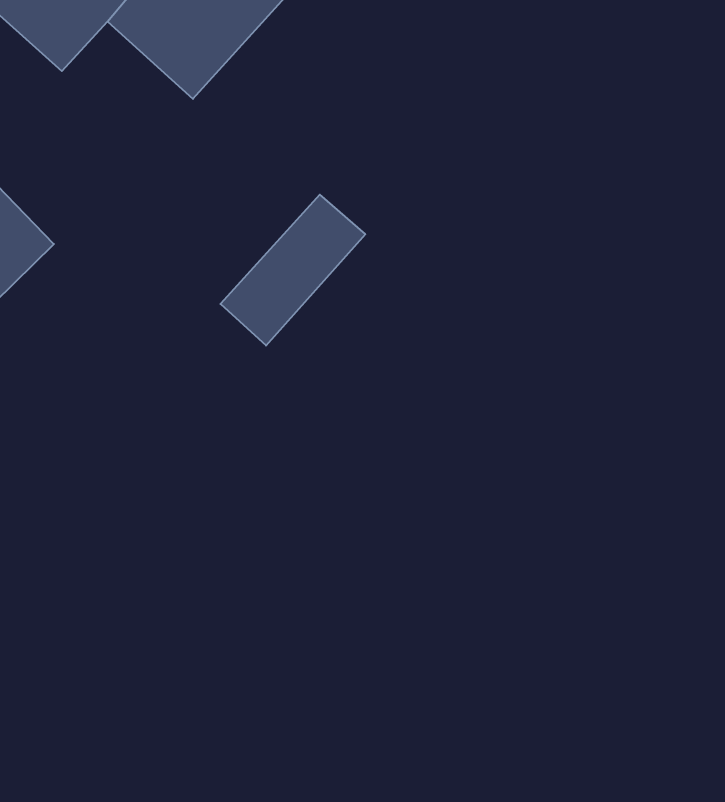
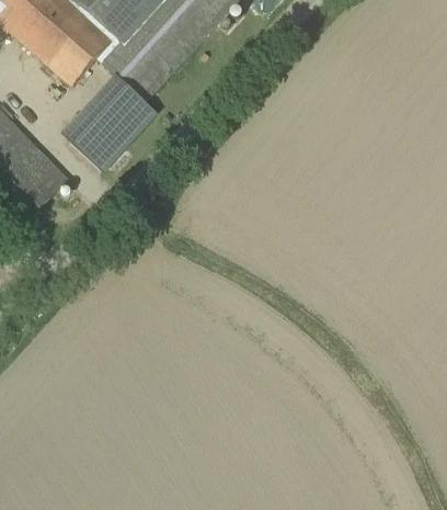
building: [220,195,365,346] -> [69,82,149,166]

